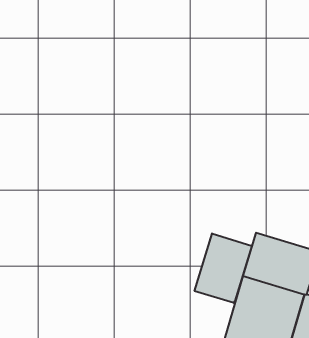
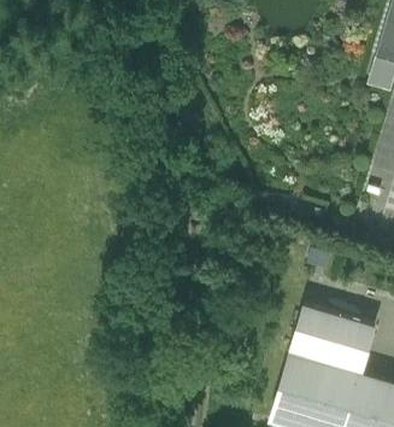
building: [195,233,252,303] -> none

